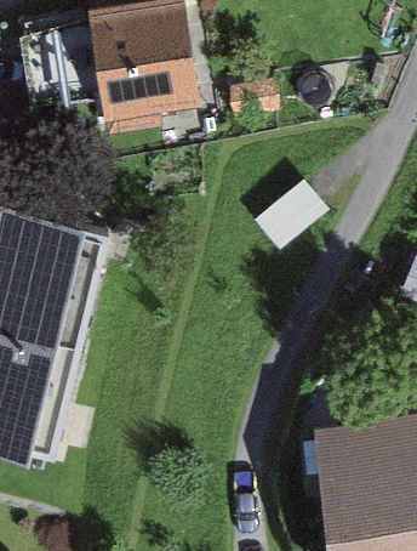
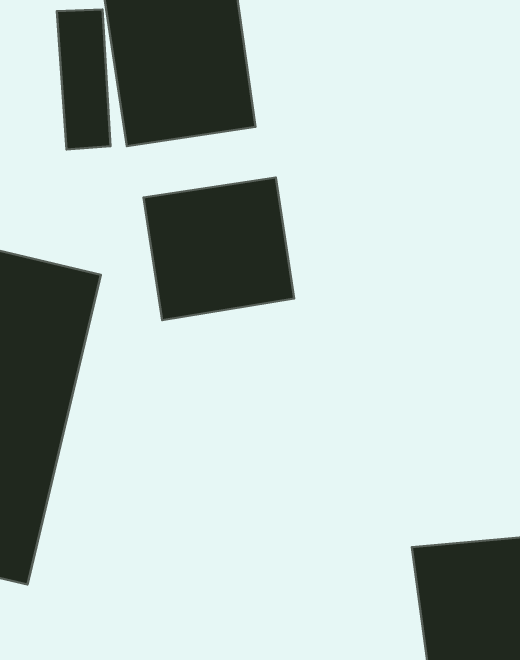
building: none -> [144,177,294,320]

